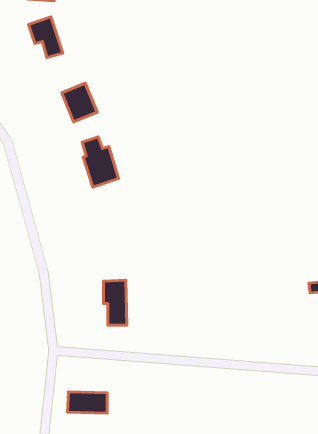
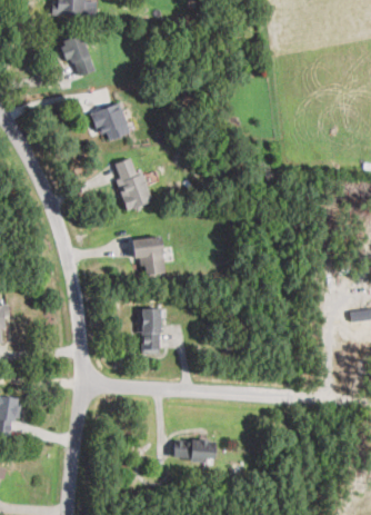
building: none -> [132,236,166,276]
building: [67,392,107,413] -> [173,439,214,462]

